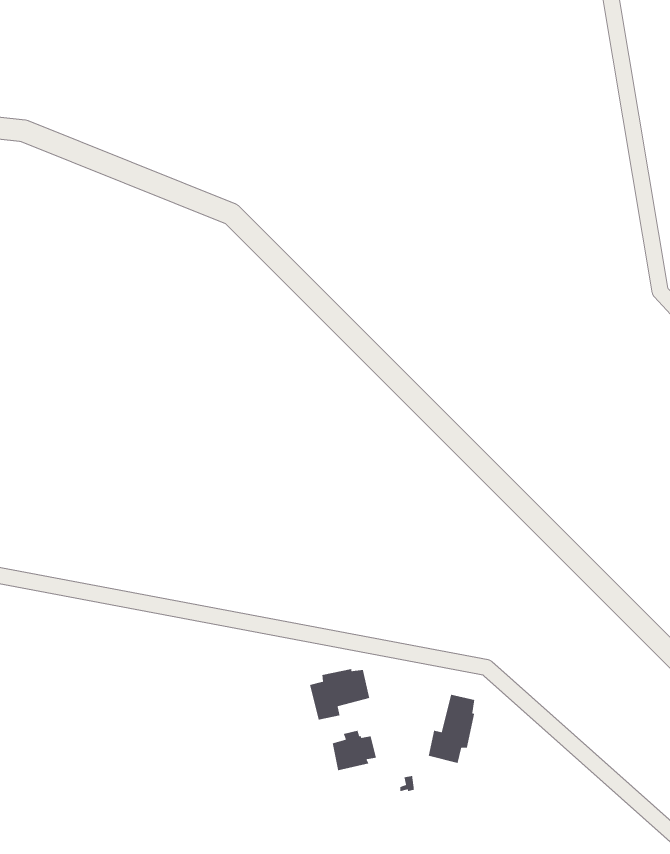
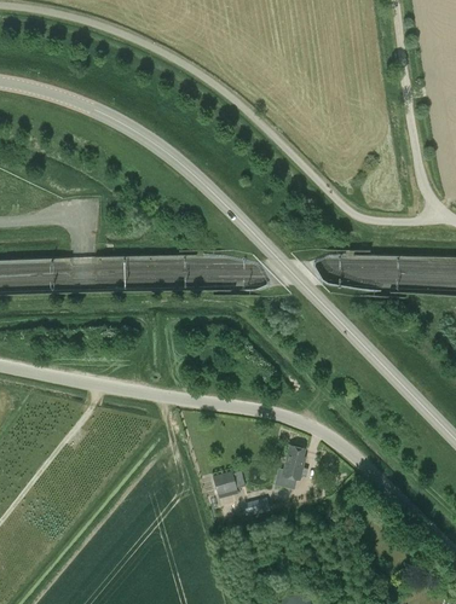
building: [309,668,370,721] -> none

